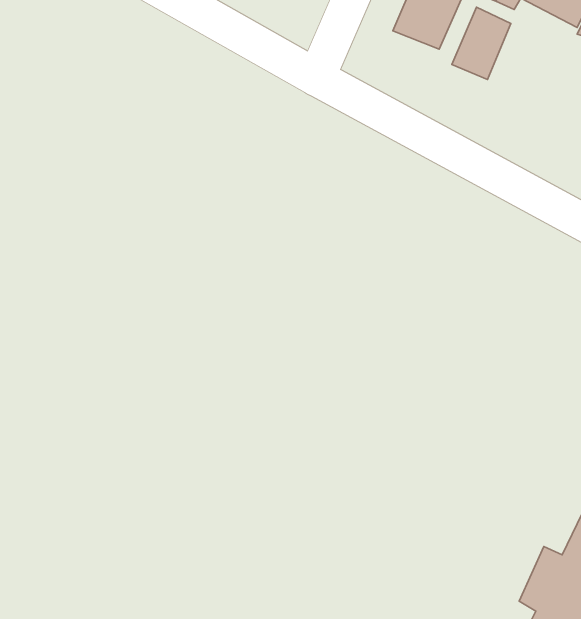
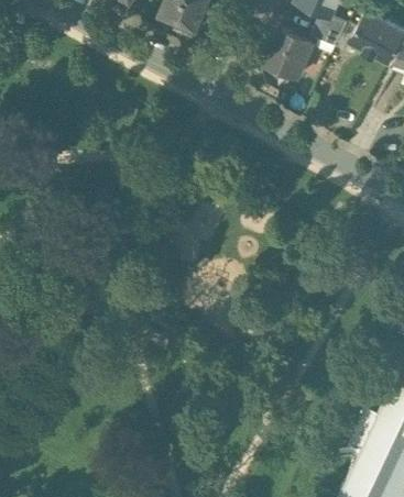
building: [452,7,511,80] -> none

